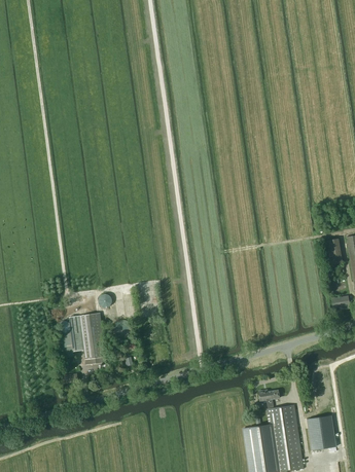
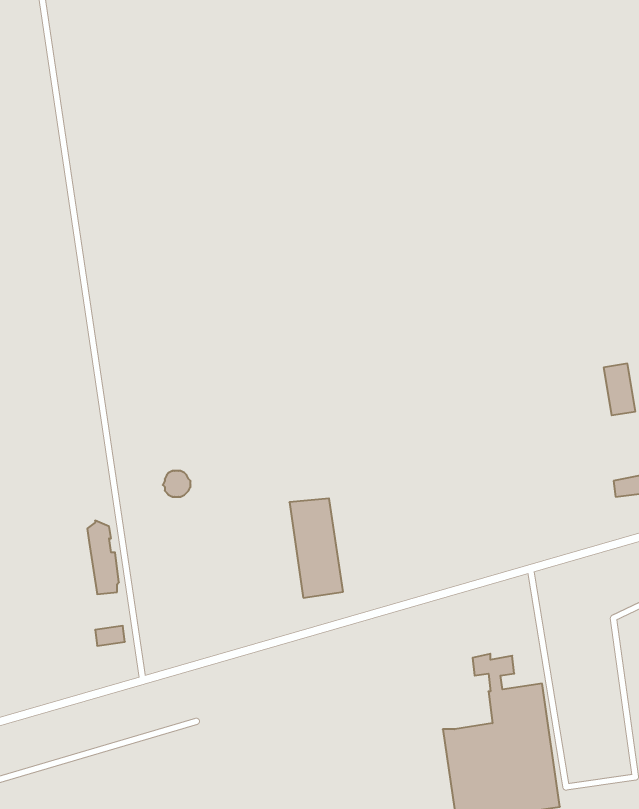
building: [78,314,106,365] -> [289,498,343,598]
building: [307,415,335,450] -> none

